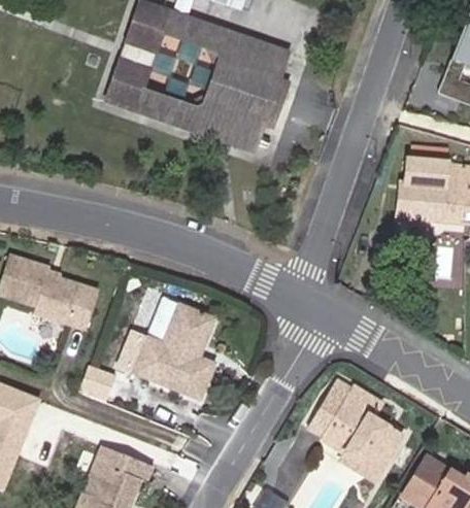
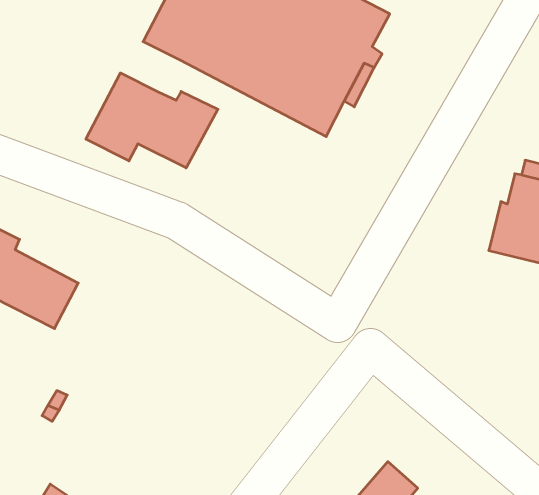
building: none -> [86,73,218,168]
building: [131,297,213,399] -> none

